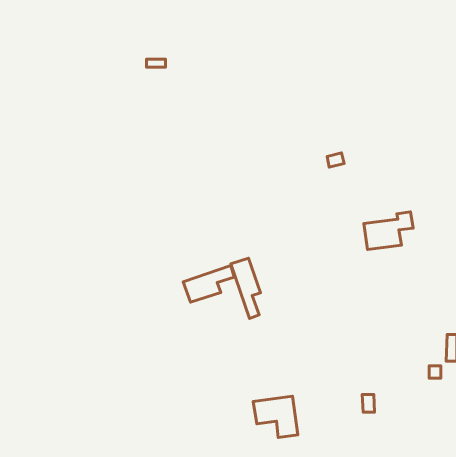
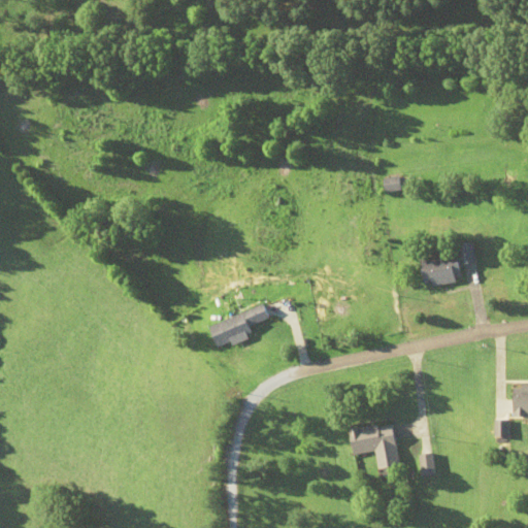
building: [231,258,261,319] -> none
building: [253,396,298,437] -> [348,423,399,470]

